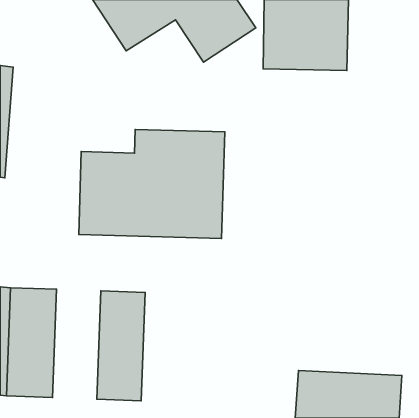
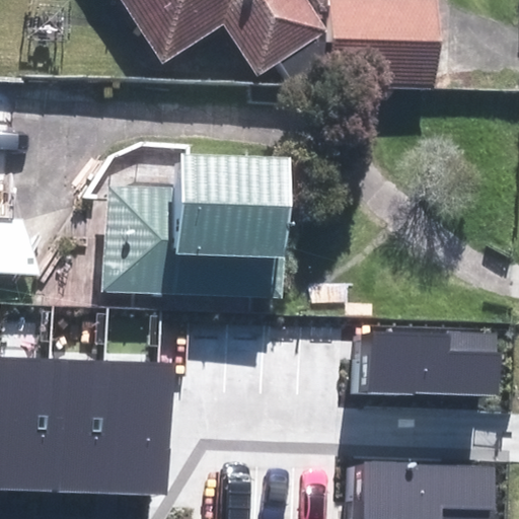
building: none -> [366,332,499,395]
building: none -> [65,358,125,494]

